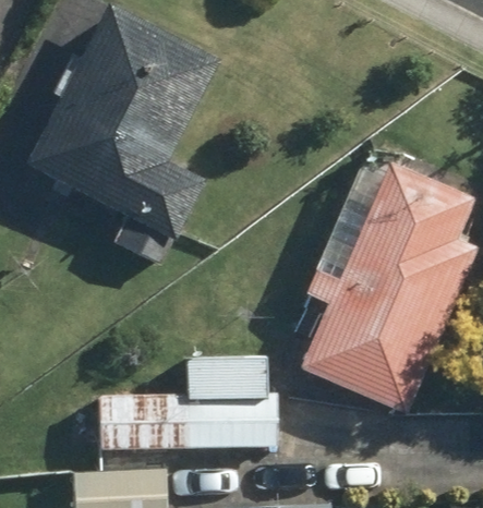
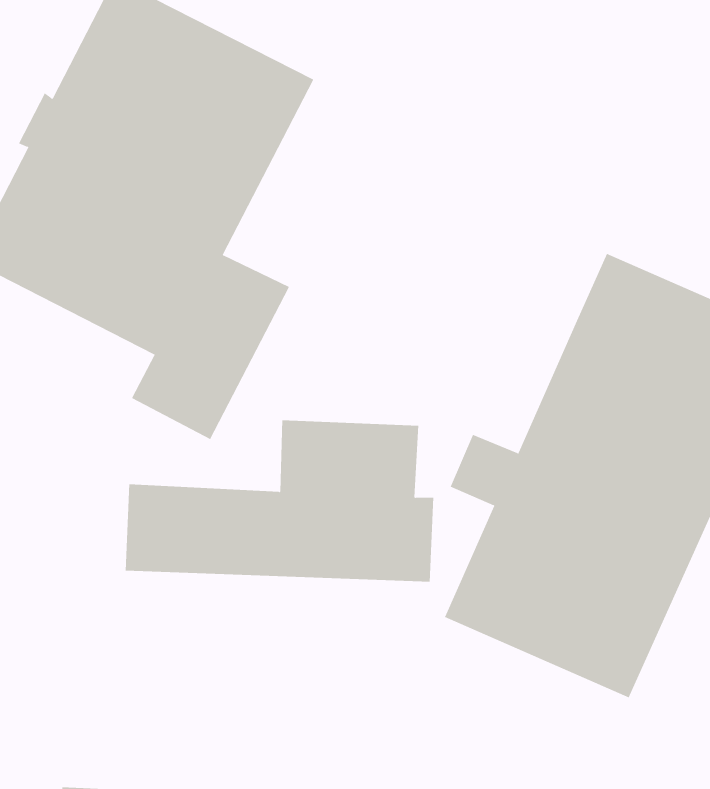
building: [99,359,278,452] -> [125,420,434,582]

